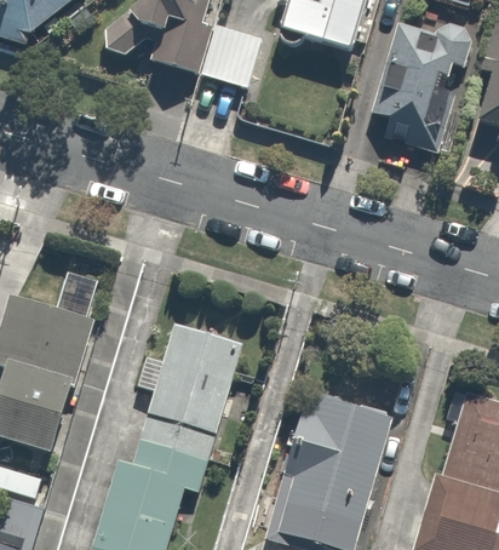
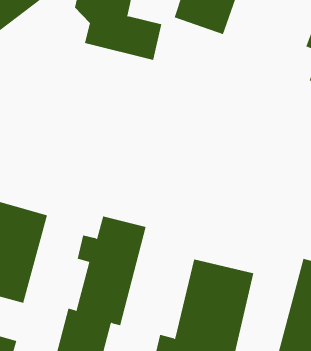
building: [366,11,468,139] -> none

